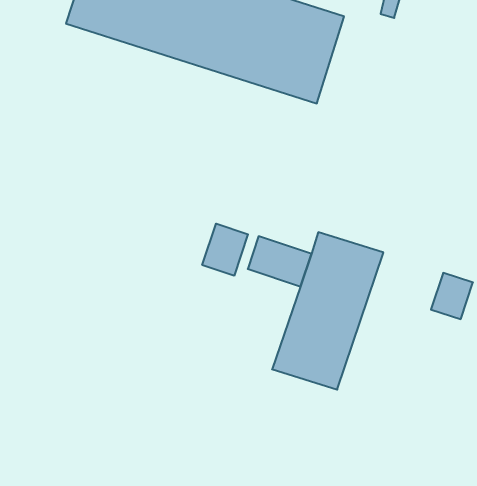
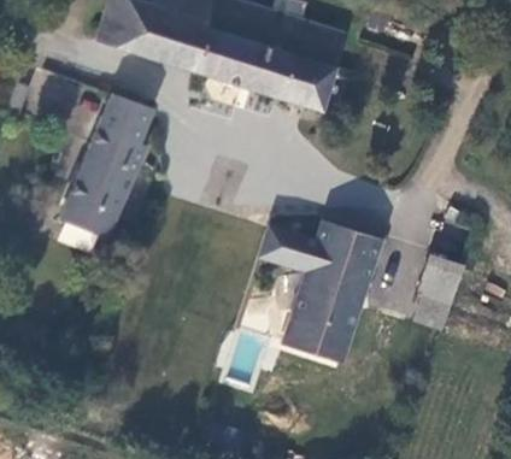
building: none -> [65,94,153,236]
building: [202,224,248,276] -> none

